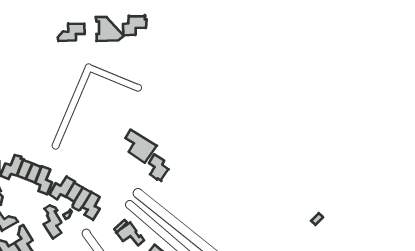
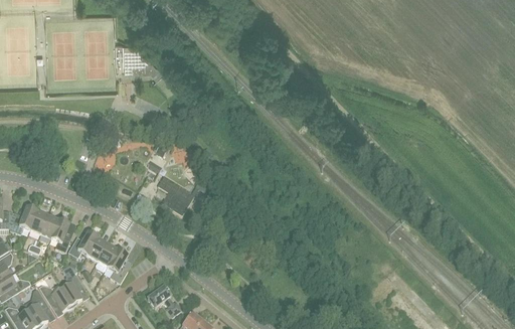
building: [123,15,147,35] -> none
building: [58,23,85,41] -> none
building: [149,154,169,181] -> none
building: none -> [39,284,72,309]

